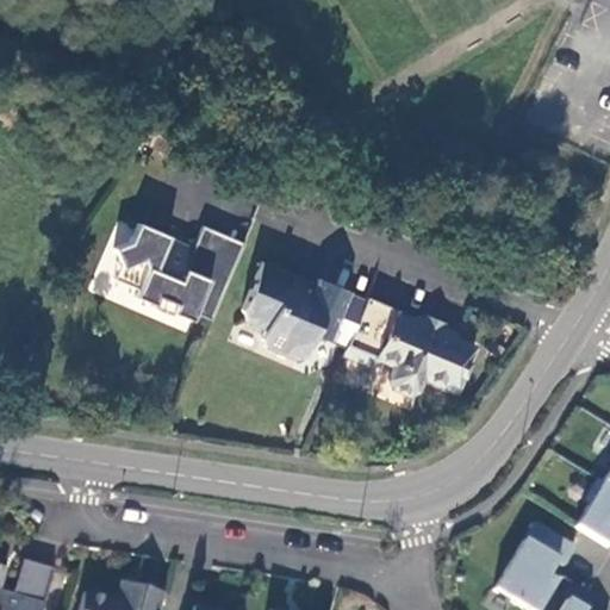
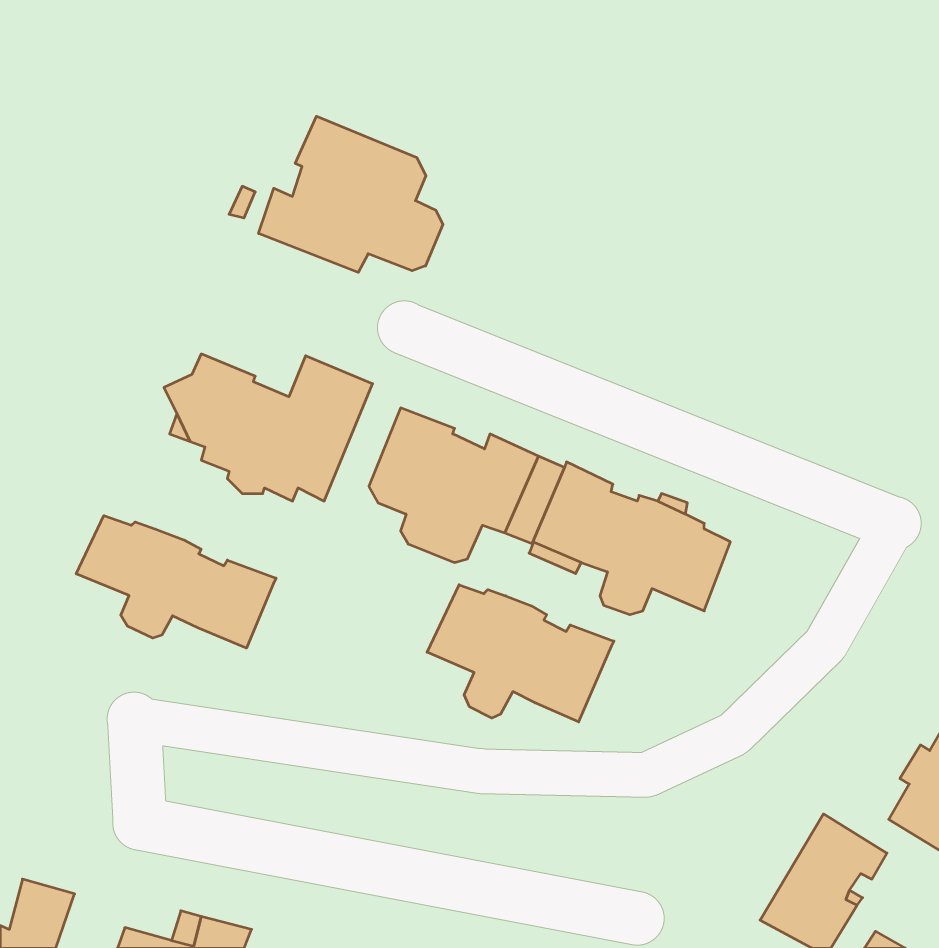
building: none -> [259,116,443,272]
building: none -> [76,516,276,648]
building: none -> [427,585,614,722]

